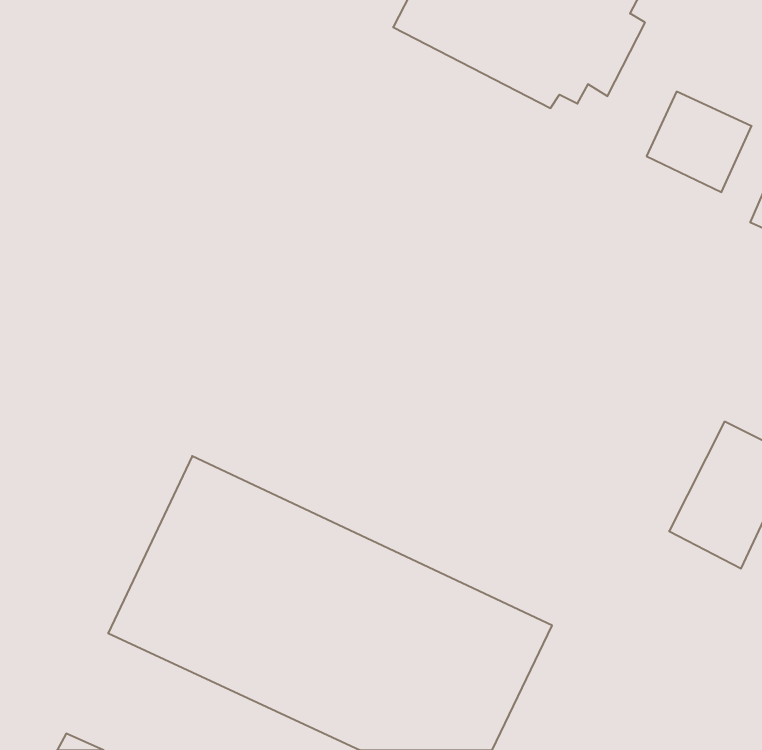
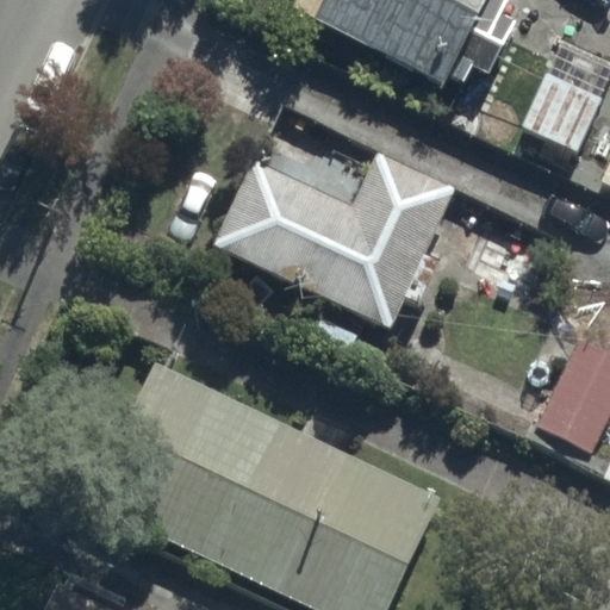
building: none -> [213,152,456,330]

